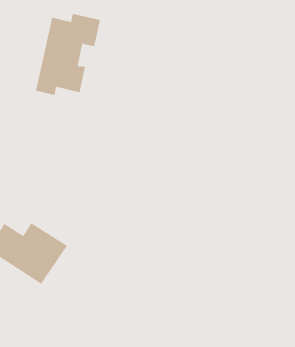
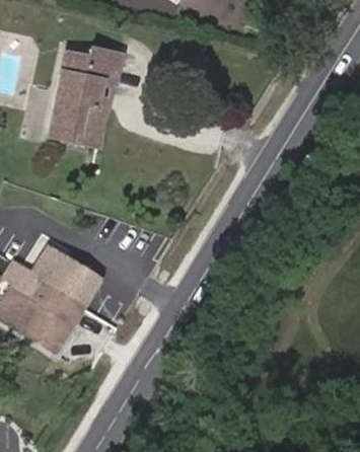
building: none -> [69,81,114,146]
building: none -> [11,245,100,308]

